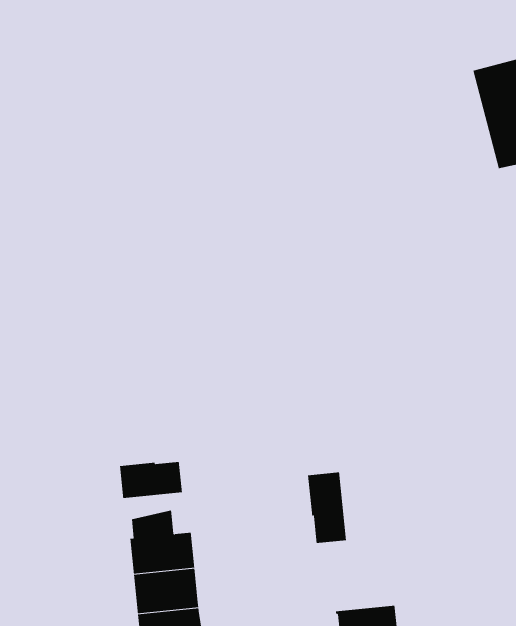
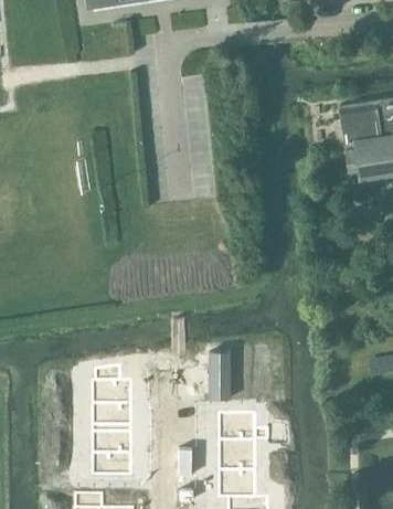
building: [119,461,182,499] -> none
building: none -> [219,413,280,441]

